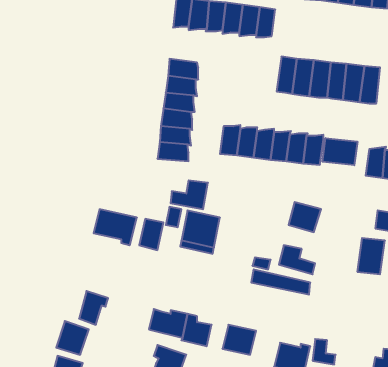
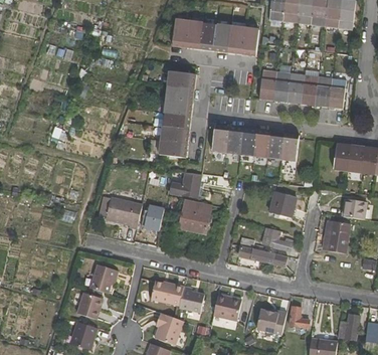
building: [322,138,357,165] -> none

